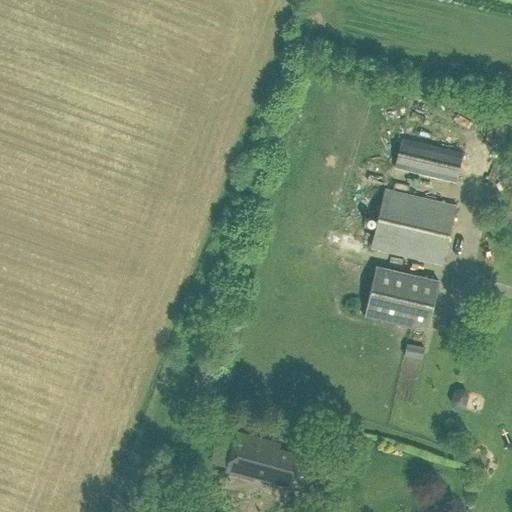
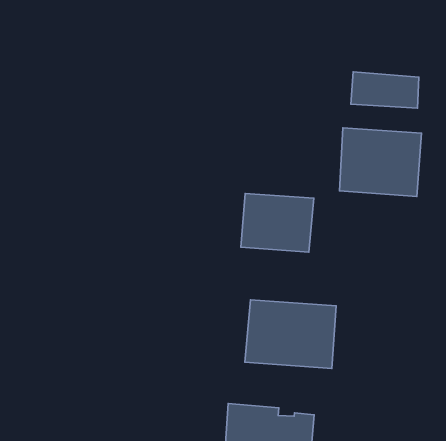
building: [364,265,440,330] -> [241,193,314,252]
building: none -> [245,300,336,369]

